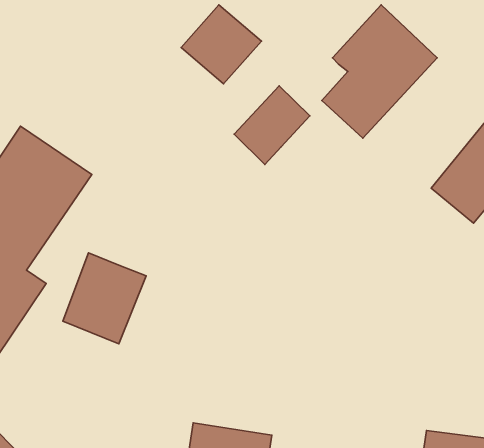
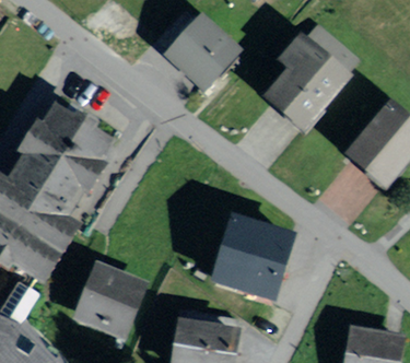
building: [234,86,310,164] -> none
building: [63,253,146,344] -> [79,270,139,336]
building: none -> [214,221,286,296]

